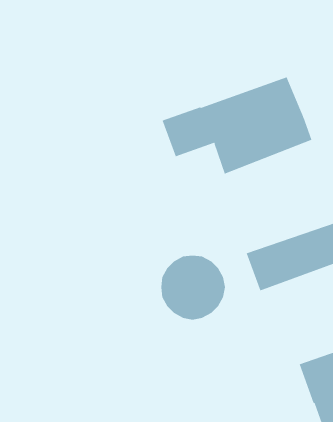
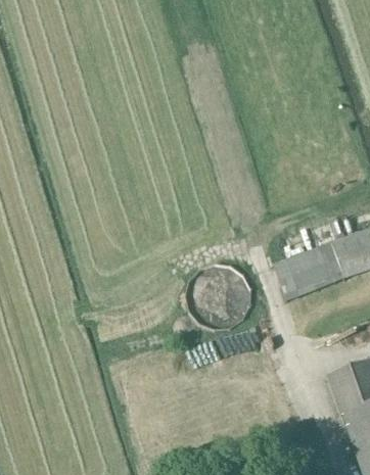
building: [162,76,312,174] -> none

